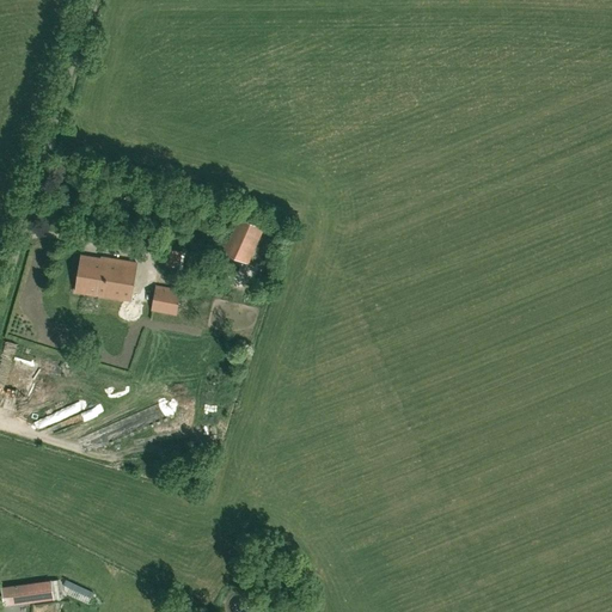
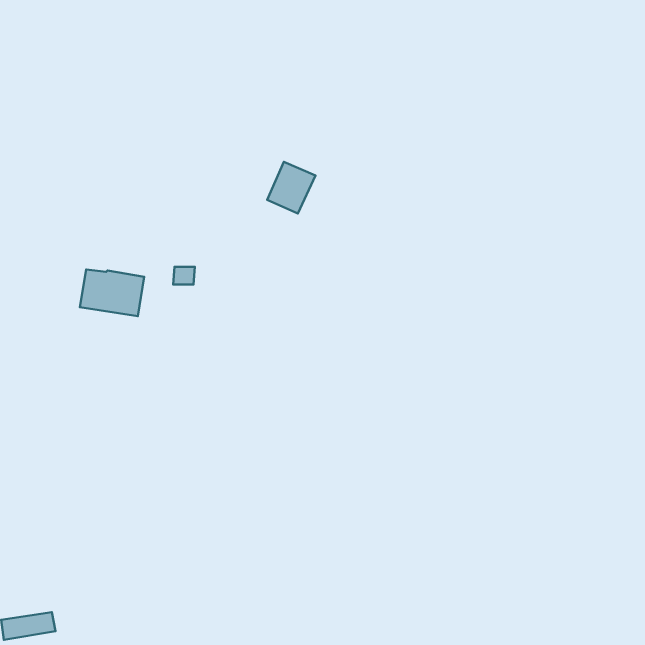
building: [219,216,264,265] -> [267,162,315,214]
building: [151,288,179,316] -> none

